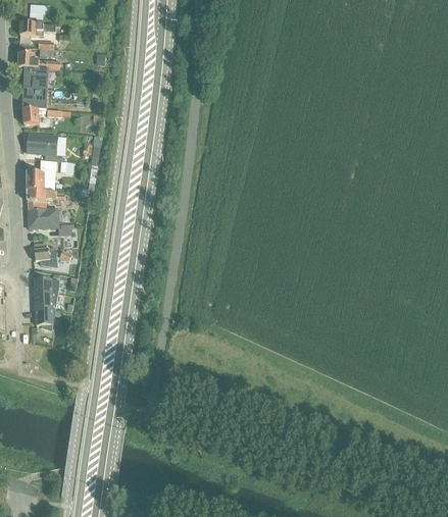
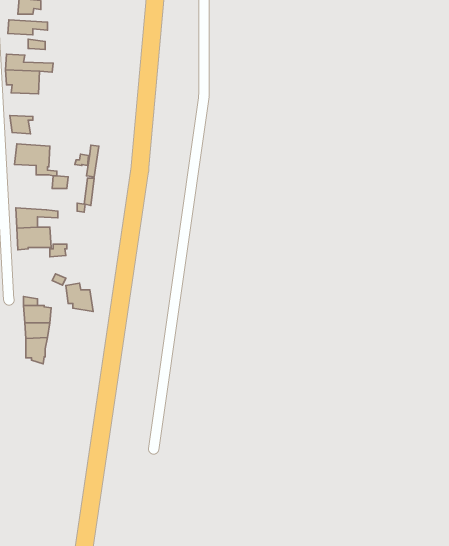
building: [21,88,47,110] -> none
building: [27,160,56,193] -> none
building: [33,242,57,267] -> [66,283,93,312]

